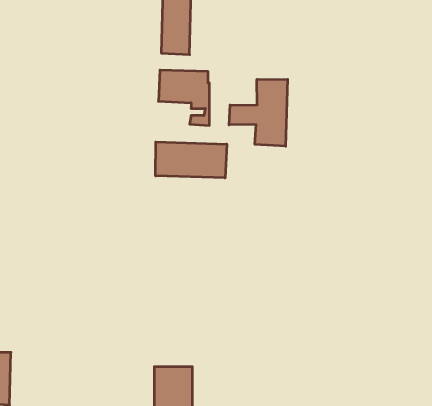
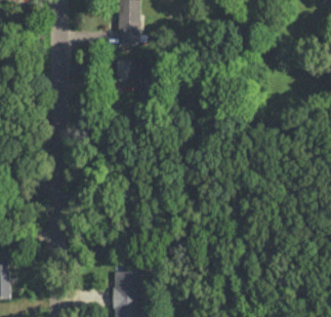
building: [229,79,288,146] -> none
building: [156,142,227,178] -> none

